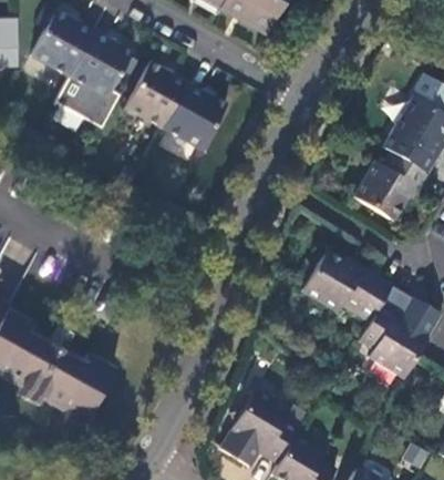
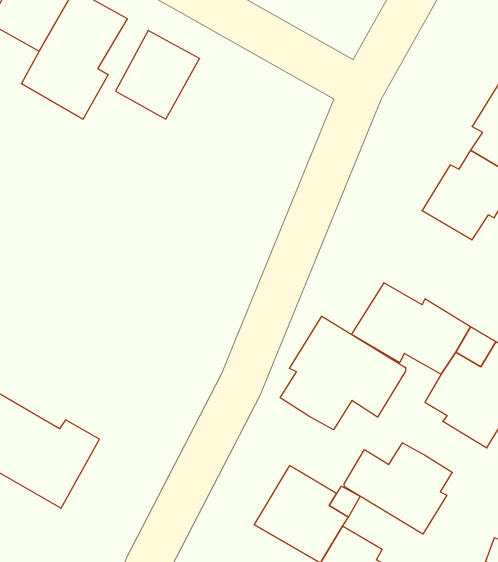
building: [163,83,227,150] -> none
building: none -> [280,316,406,430]
building: none -> [344,443,452,534]

